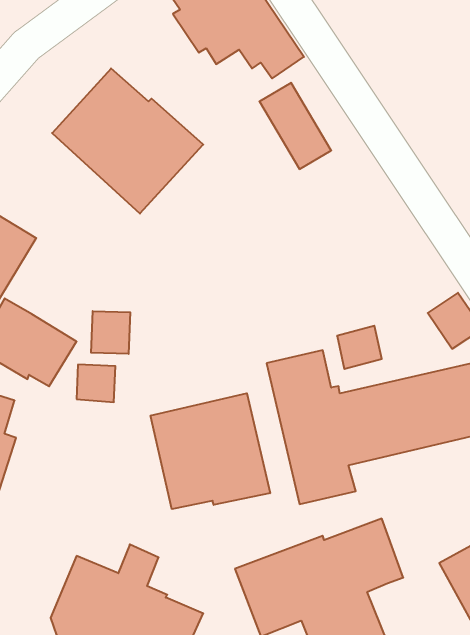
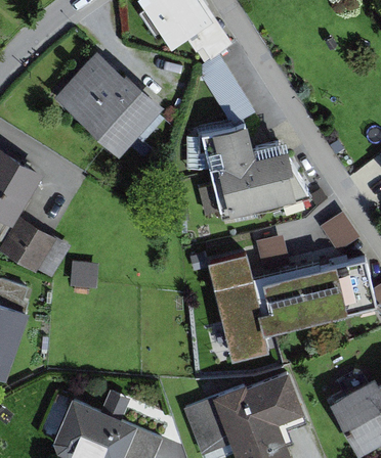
building: none -> [183,125,297,217]
building: [91,311,130,354] -> none
building: [151,393,270,509] -> none

